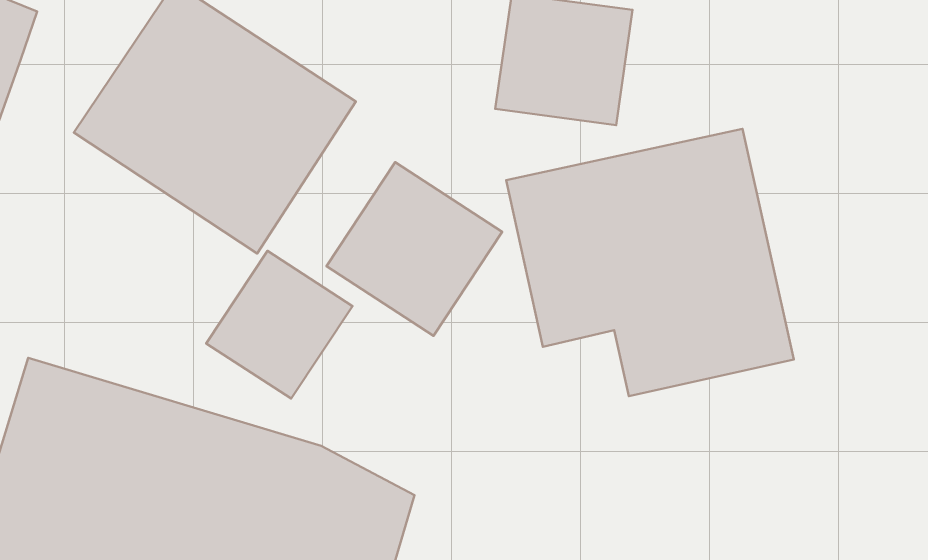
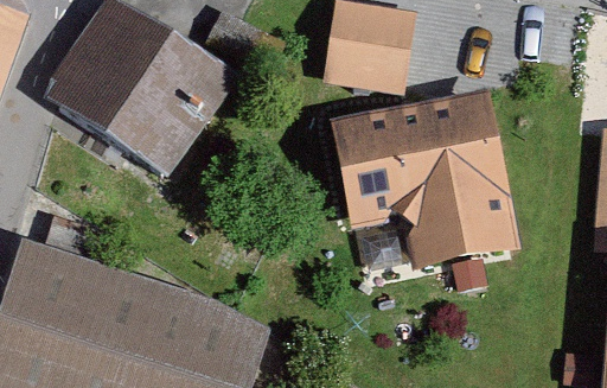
building: [326,162,502,336] -> none
building: [206,251,352,399] -> none

